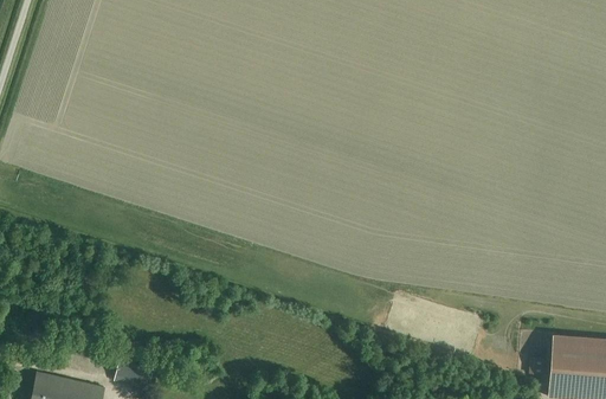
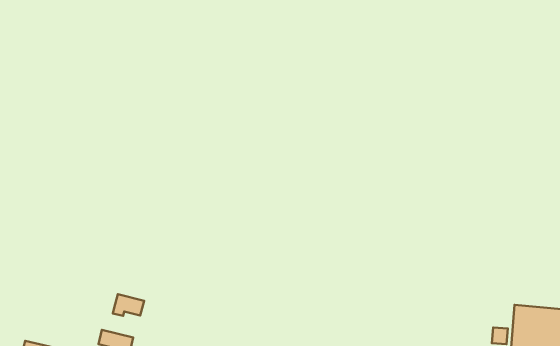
building: none -> [113,294,144,316]

